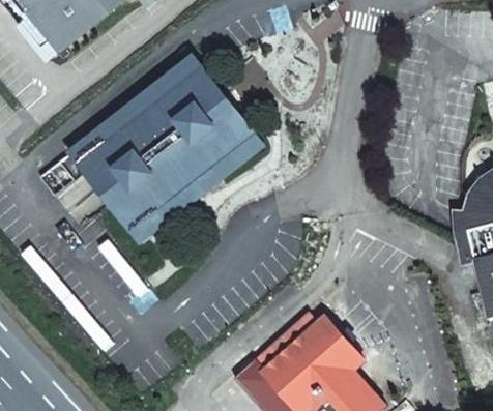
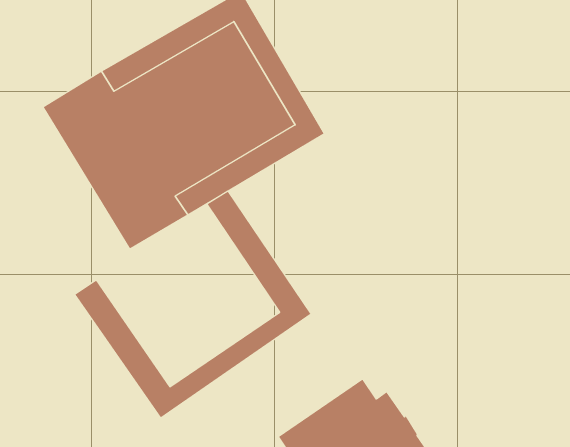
building: none -> [75,191,311,418]

